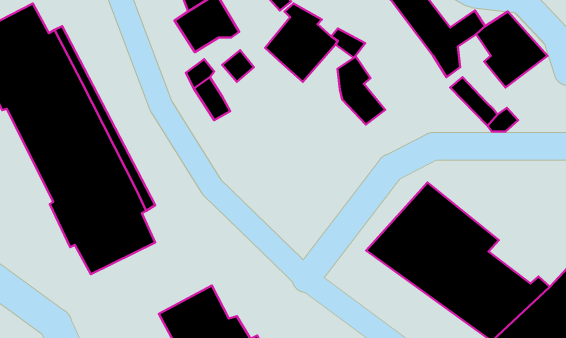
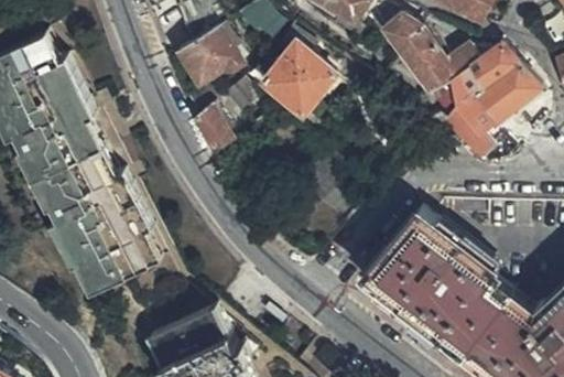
building: [338,57,385,124] -> [452,67,498,133]

